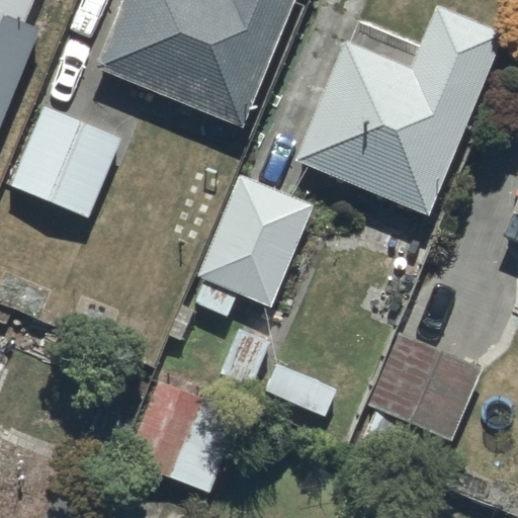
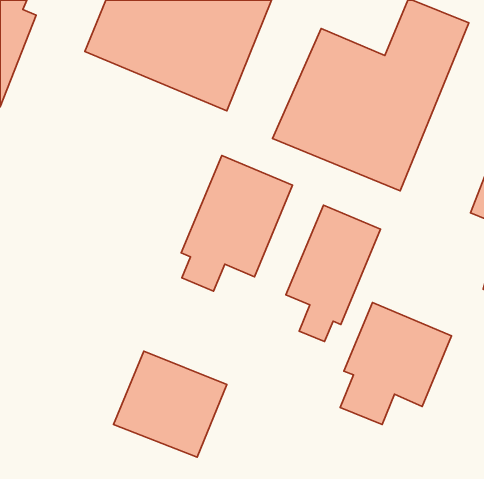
building: [11,104,122,221] -> none
building: none -> [286,205,380,342]

